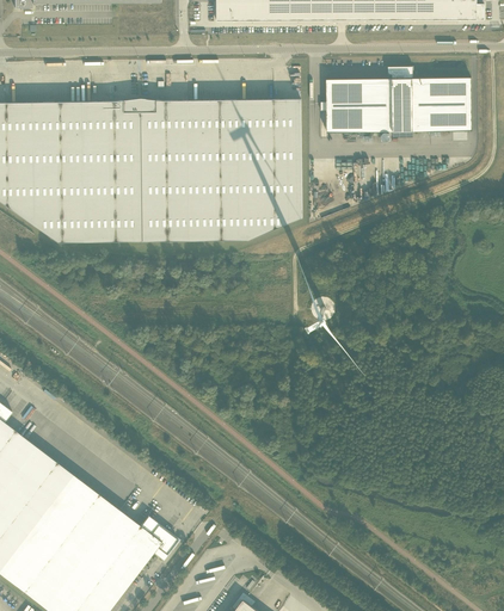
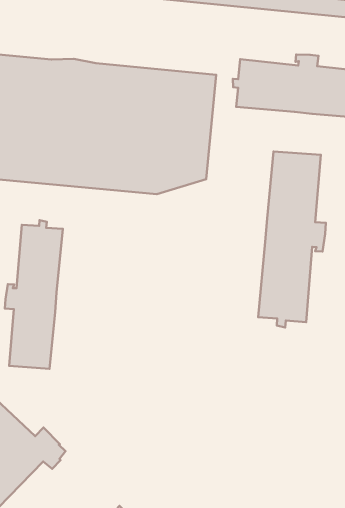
building: none -> [258,152,326,327]
building: none -> [5,220,63,369]

